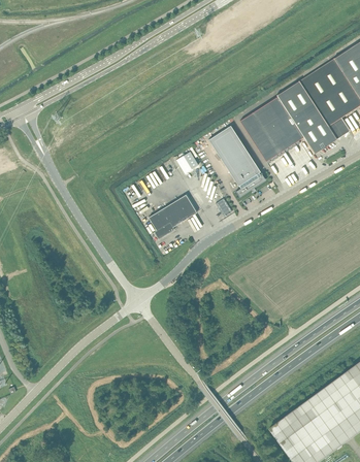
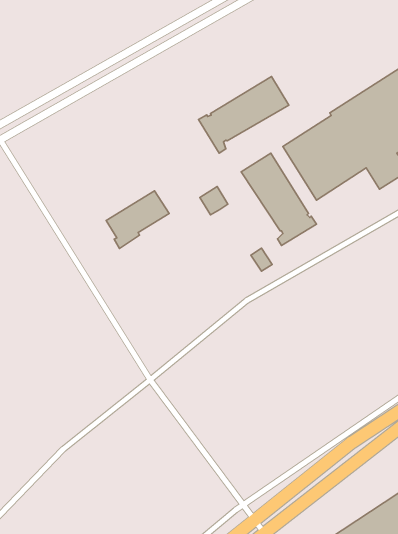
building: none -> [198,76,289,153]
building: [148,195,196,239] -> [106,191,169,248]

